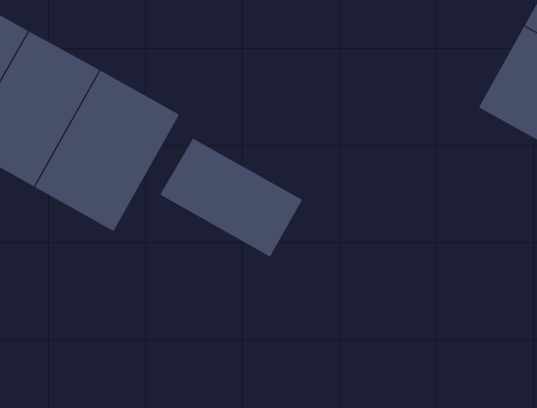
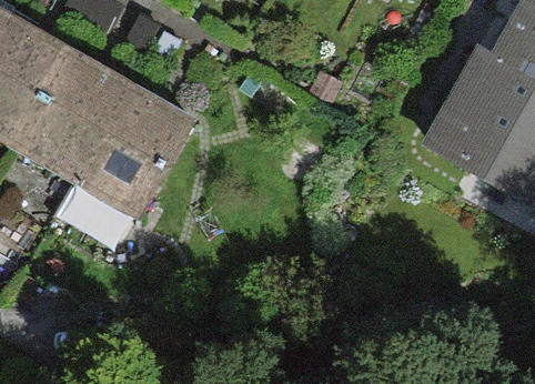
building: [159,138,303,258] -> none

